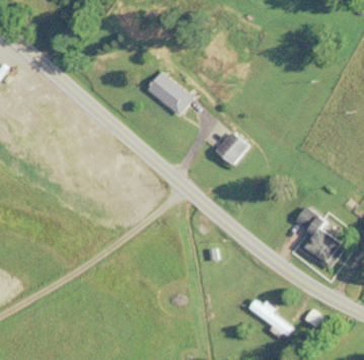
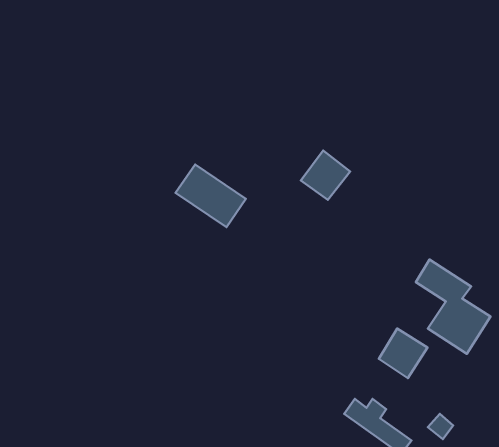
building: [147,72,195,115] -> [176,164,246,227]
building: none -> [379,329,428,378]

